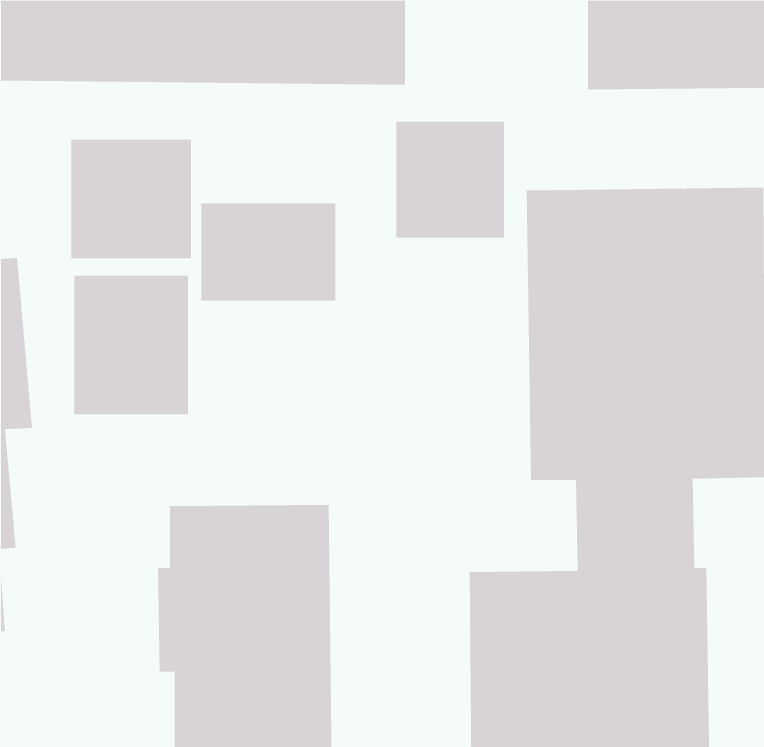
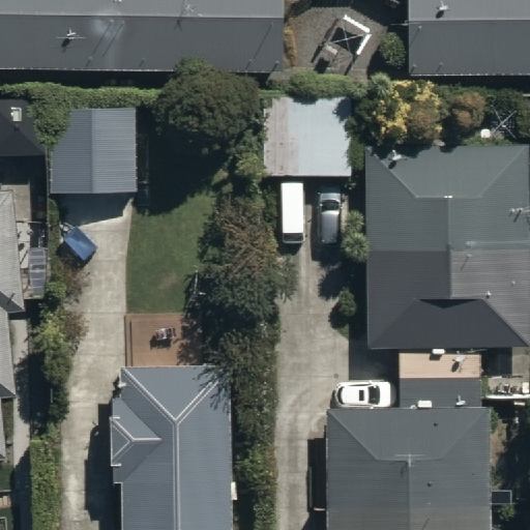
building: [201,203,336,301] -> none
building: [74,275,188,415] -> none

